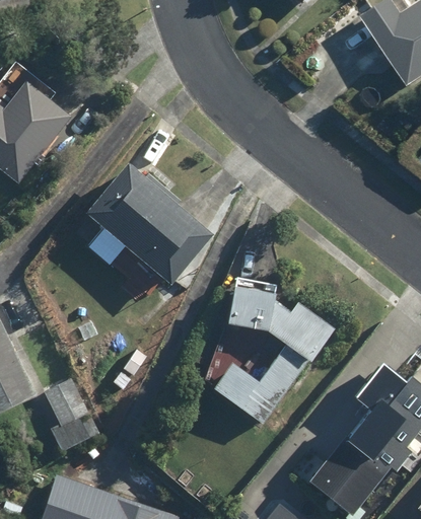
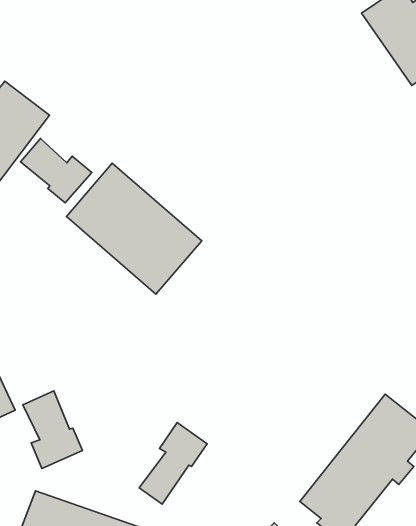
building: none -> [20,138,92,203]
building: [211,277,332,426] -> none
building: none -> [139,422,207,504]

